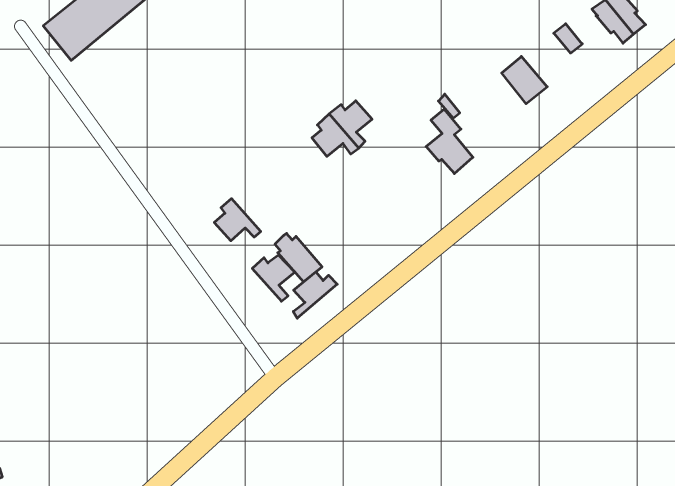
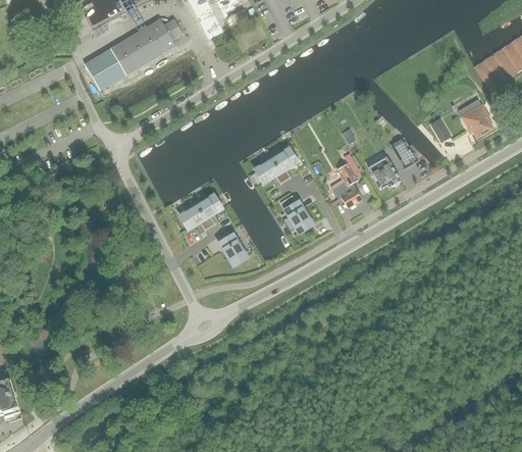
building: none -> [369,158,401,189]
building: none -> [280,195,313,233]
building: [252,255,295,301] -> [194,195,222,227]
building: [293,272,337,318] -> none

